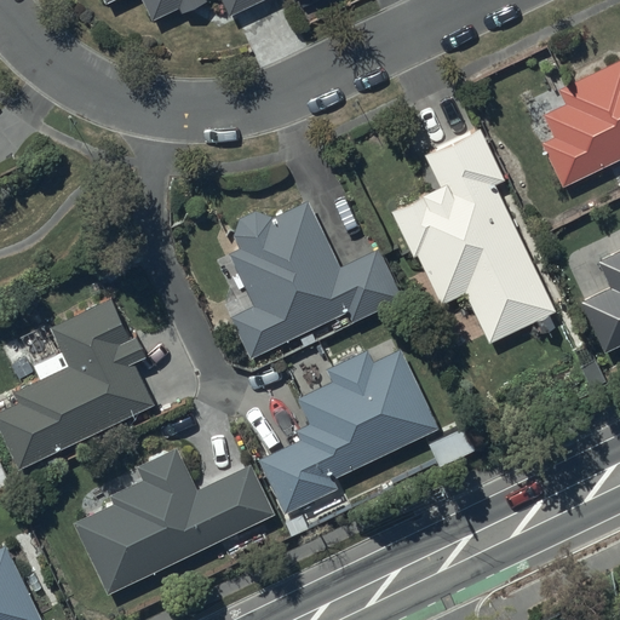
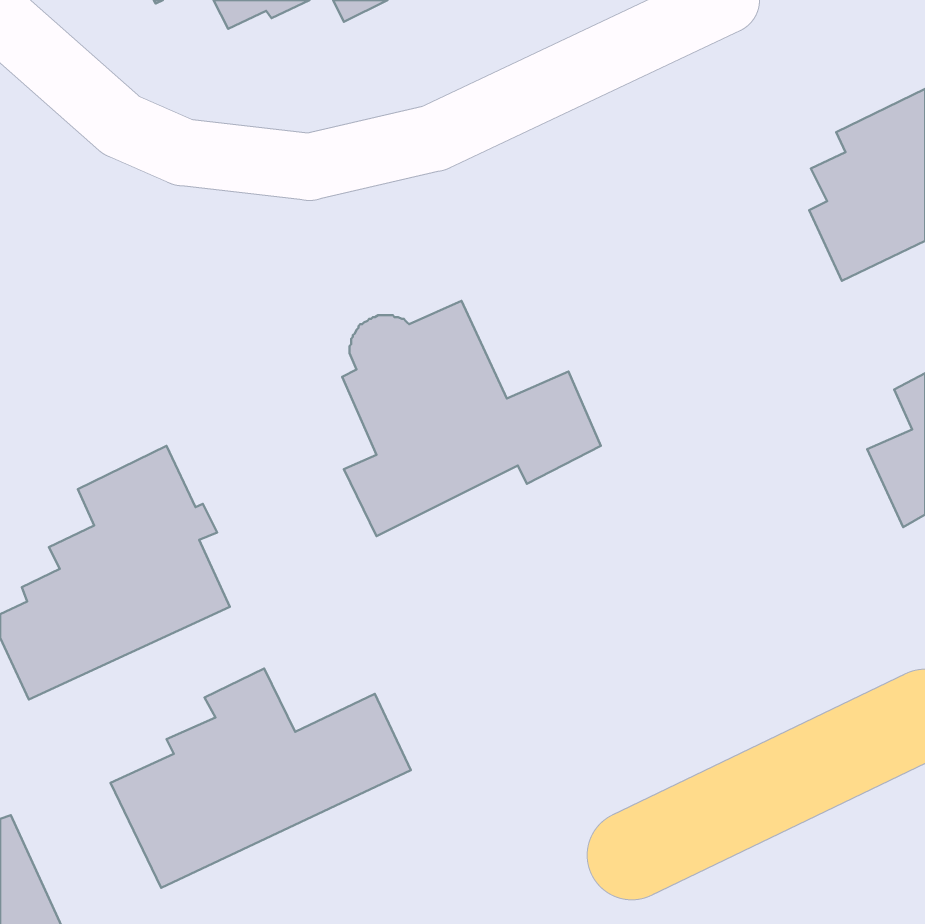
building: [392,128,556,344] -> none
building: [258,351,436,513] -> none

